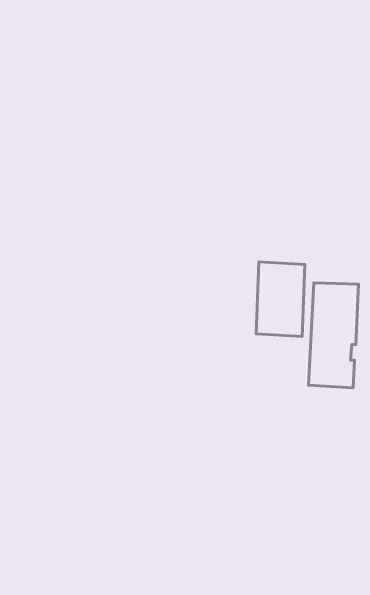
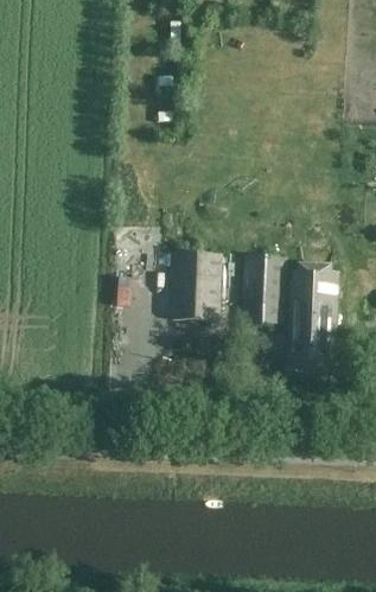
building: none -> [171,250,222,318]

